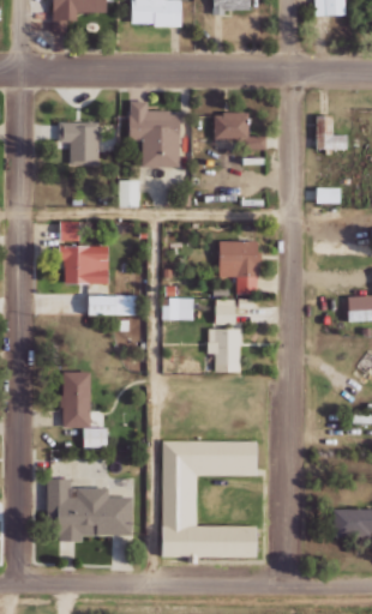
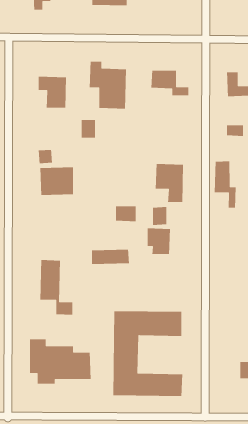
building: none -> [214,160,236,209]
building: [88,294,140,315] -> [91,249,130,265]

